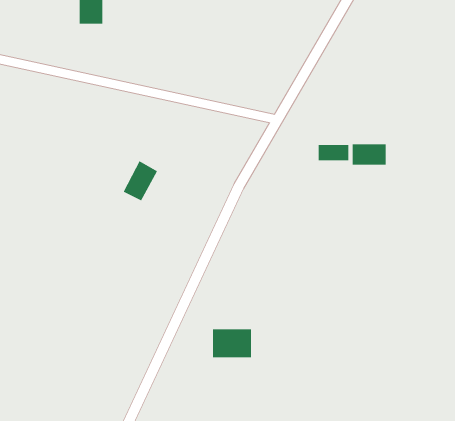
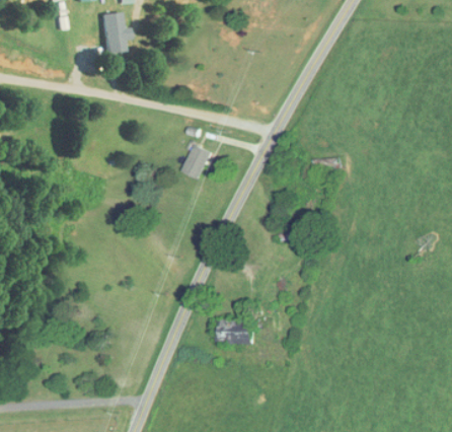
building: [352,143,386,166] -> none
building: [123,161,158,201] -> [182,145,213,181]

